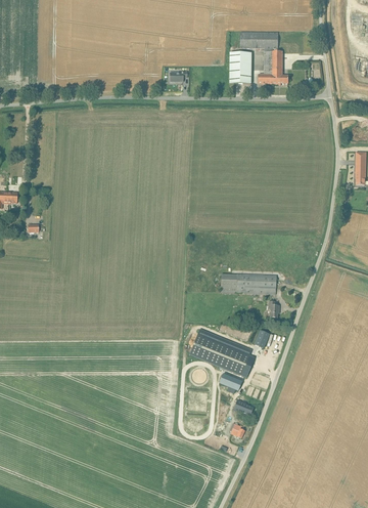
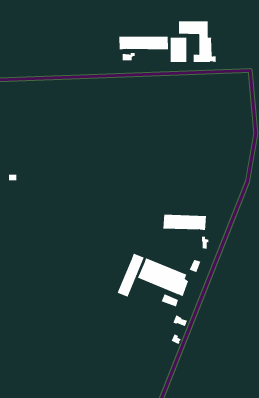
building: none -> [119,36,169,50]
building: none -> [117,253,144,298]

